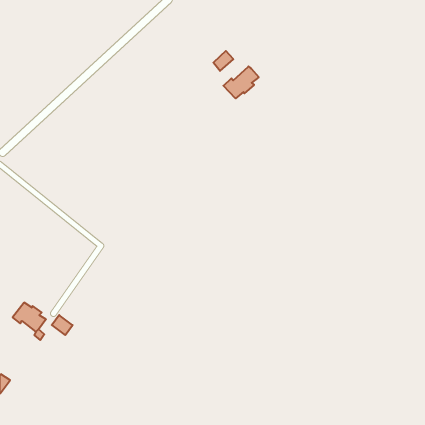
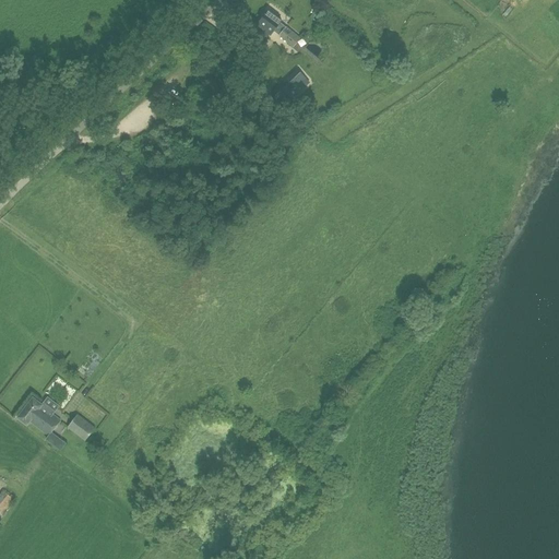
building: none -> [257,9,300,45]
building: [223,66,259,98] -> none

